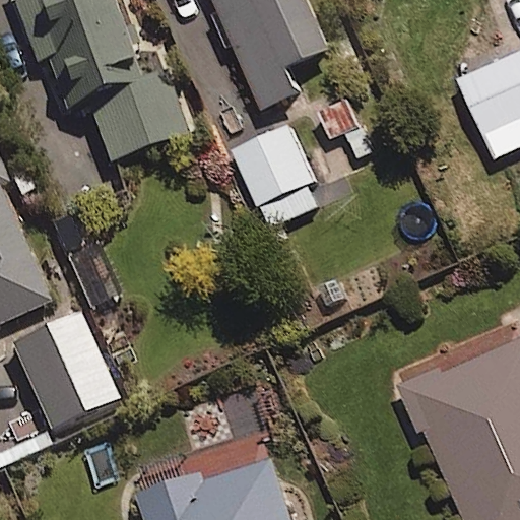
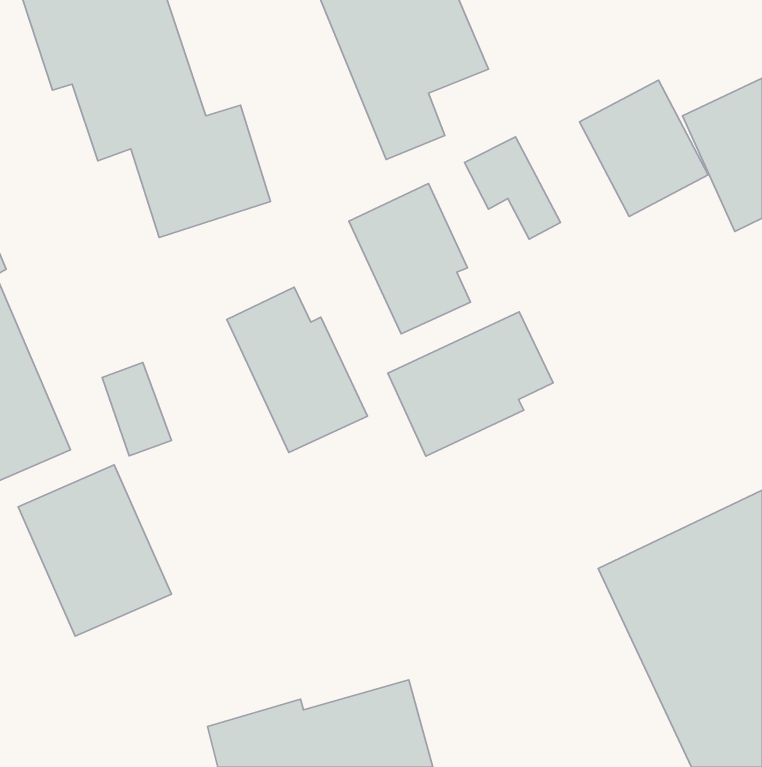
building: none -> [579,80,708,217]
building: none -> [227,287,367,452]
building: none -> [388,312,553,456]

